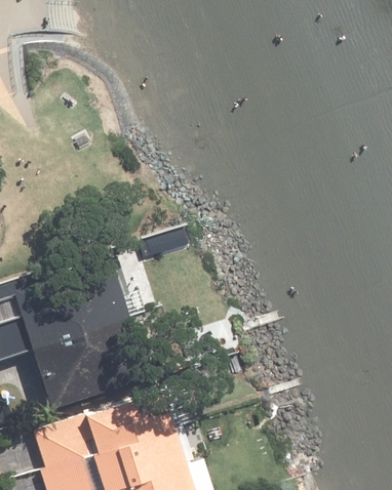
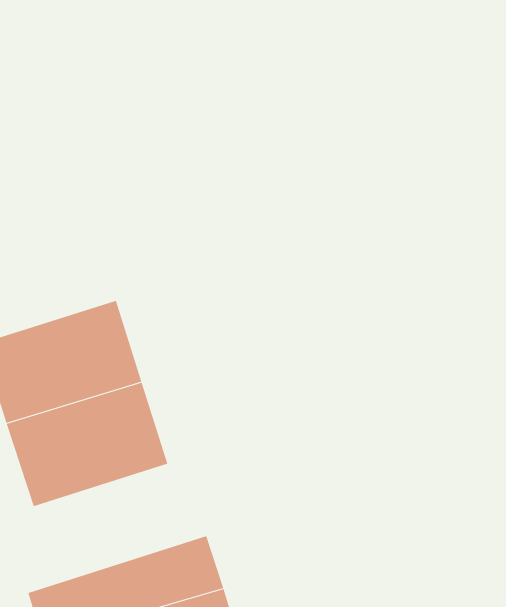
building: [34,394,173,472] -> none

